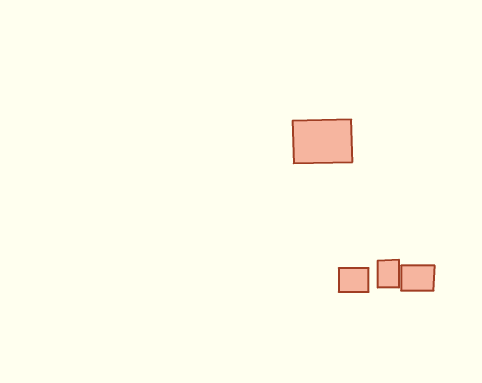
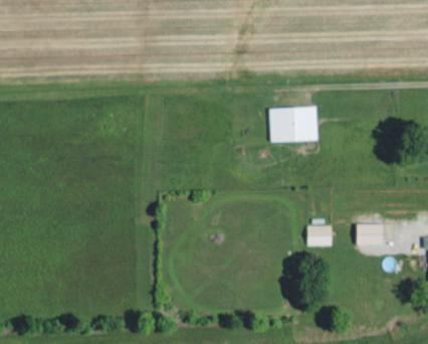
building: [378,260,399,288] -> none

